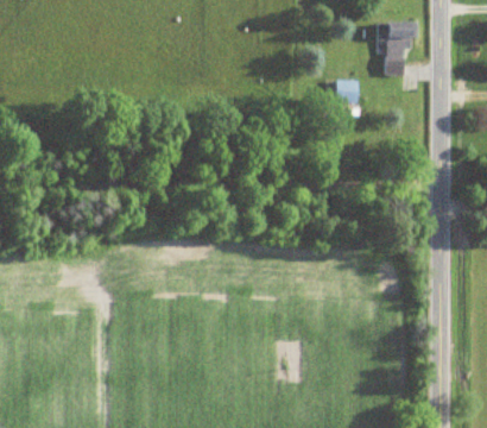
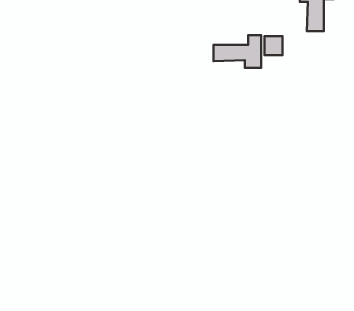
building: none -> [213,35,261,68]

